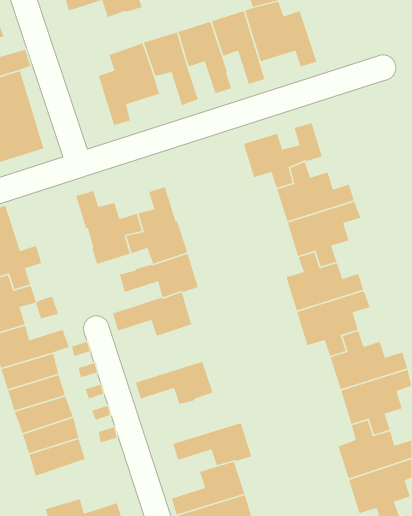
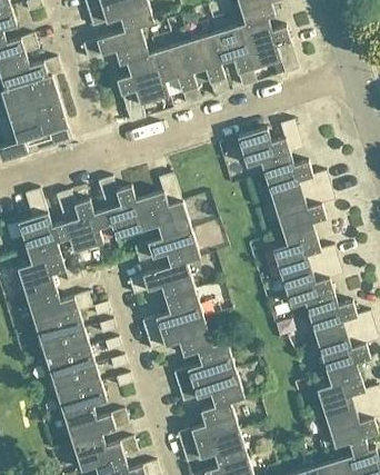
building: none -> [81,27,148,65]
building: none -> [56,189,111,251]
building: none -> [142,288,203,336]
building: none -> [173,340,236,387]
building: none -> [63,405,129,442]

